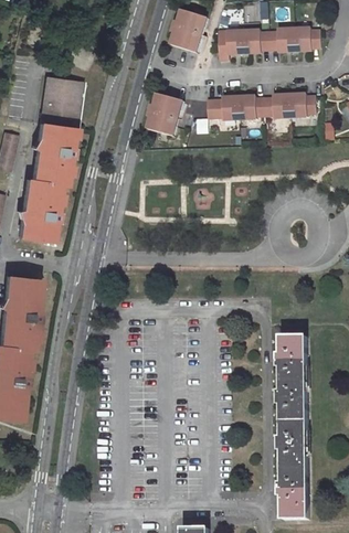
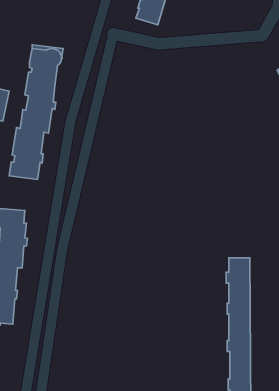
building: [218,28,324,61] -> none
building: [149,94,184,137] -> none
building: [208,94,319,120] -> none

